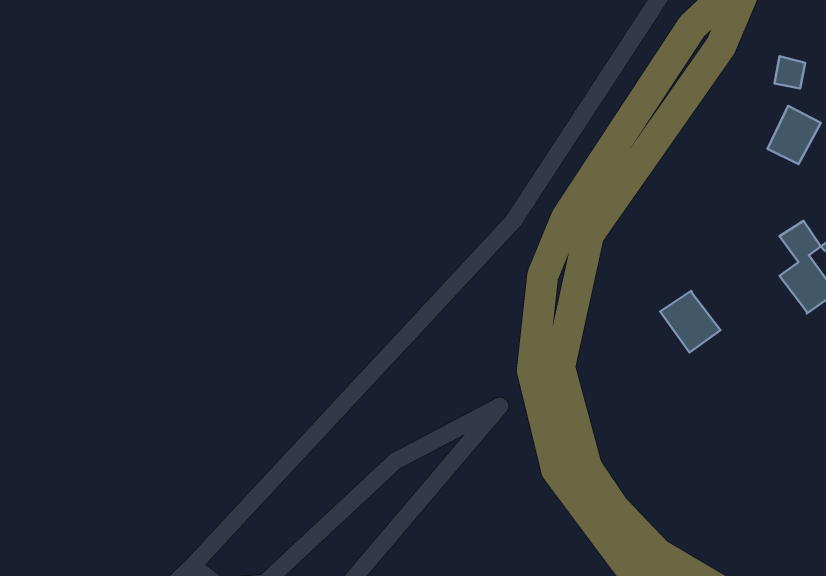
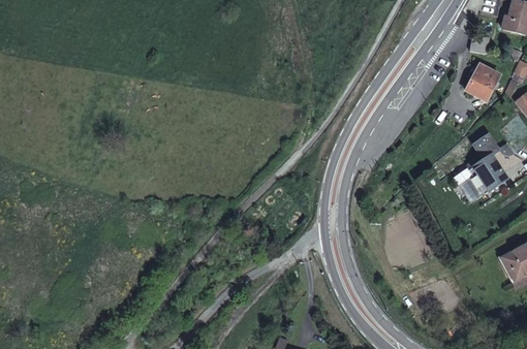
building: [660,291,720,353] -> [454,165,490,202]

